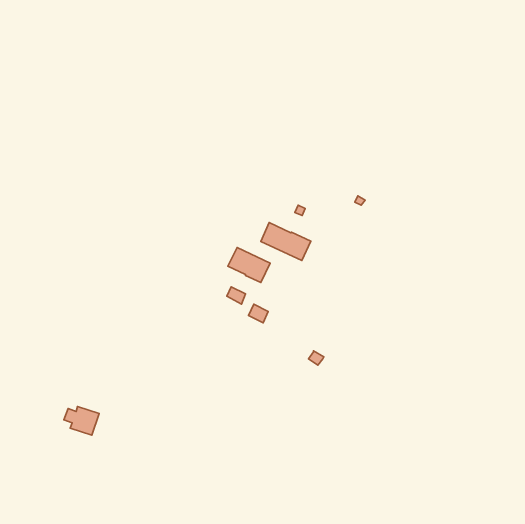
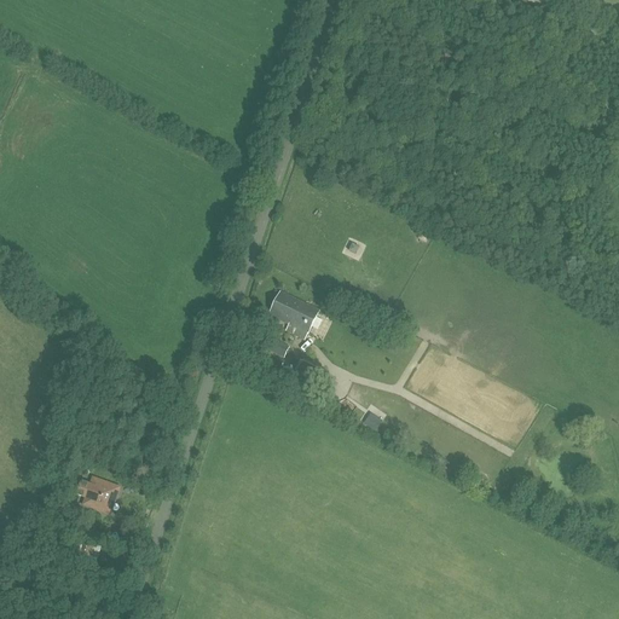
building: [261,223,311,261] -> none

